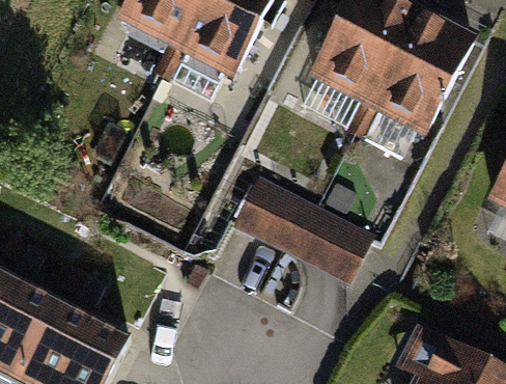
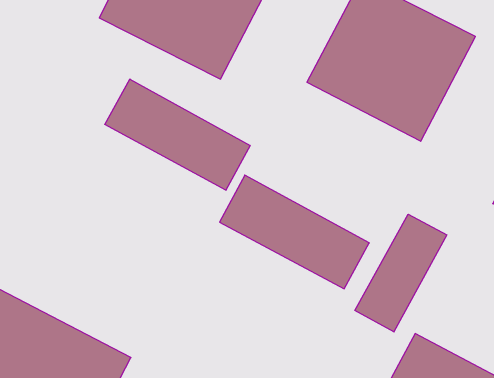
building: none -> [105,79,250,190]
building: none -> [355,214,447,332]

